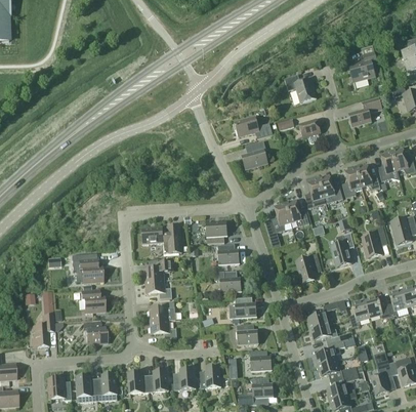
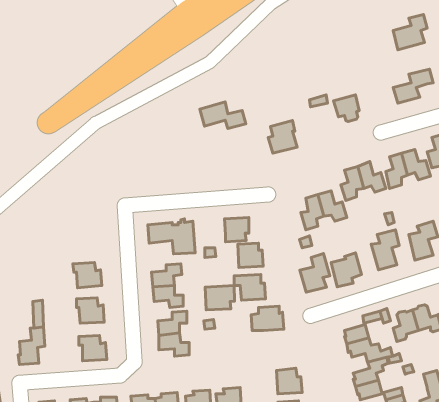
building: [284,74,316,102] -> none
building: [234,116,273,138] -> [200,102,246,129]
building: none -> [300,254,330,292]
building: none -> [205,286,234,310]
building: [237,324,258,344] -> none

